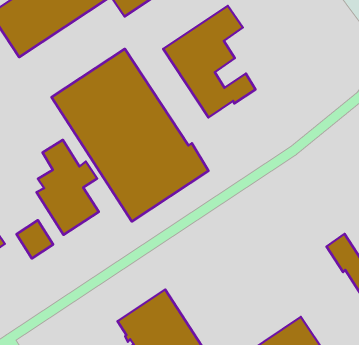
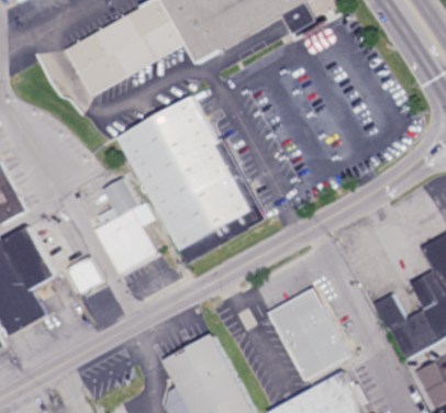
building: [163,6,255,118] -> none
building: none -> [267,288,348,380]

